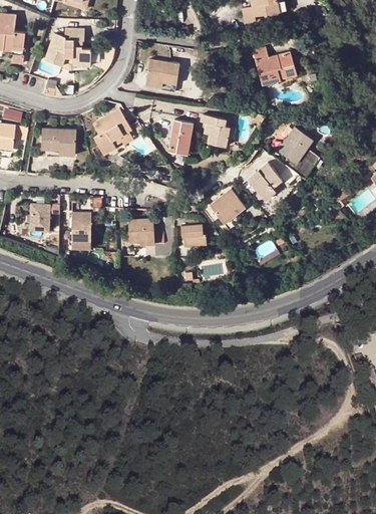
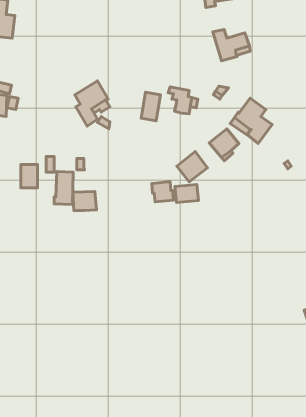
building: [46,29,90,66] -> none
building: [145,59,178,84] -> none
building: [42,132,76,156] -> none
building: [128,219,155,241] -> [73,191,97,211]
building: none -> [175,185,199,203]

